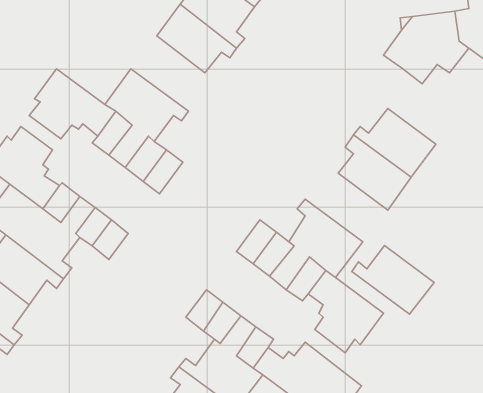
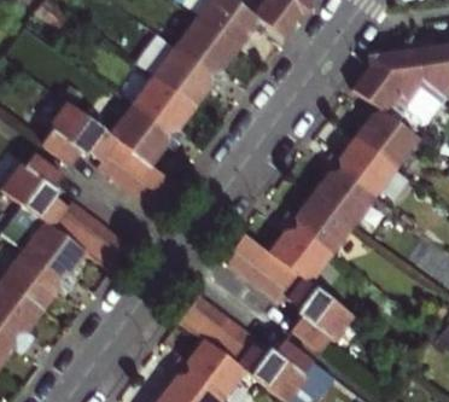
building: none -> [132,72,197,139]
building: none -> [357,101,421,168]
building: [352,245,434,314] -> [285,193,357,254]

